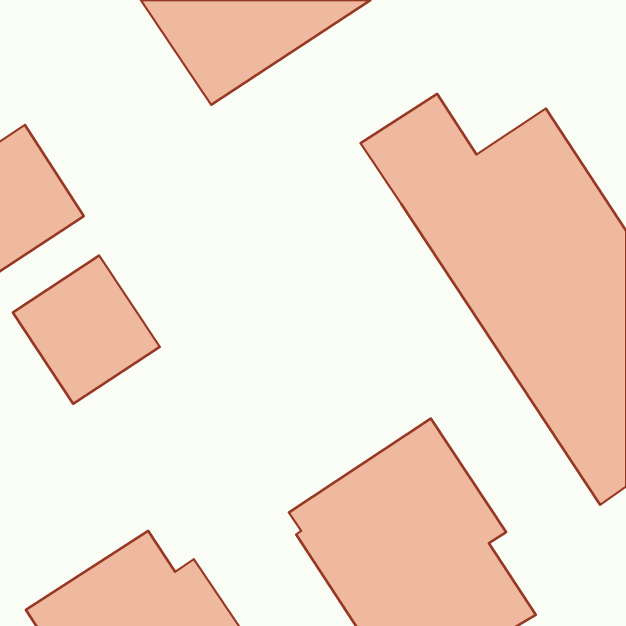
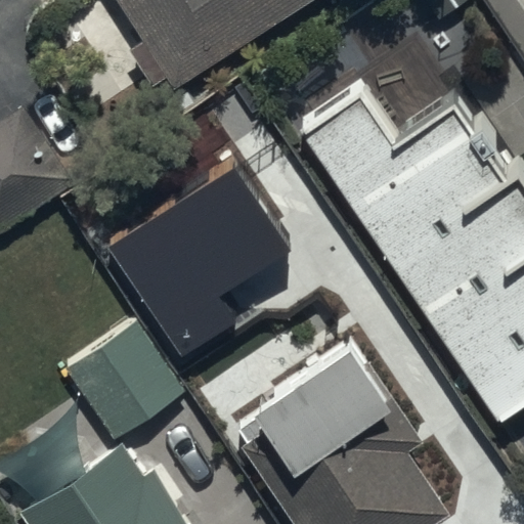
building: none -> [102,155,288,355]
building: [13,256,160,404] -> [61,317,183,440]

